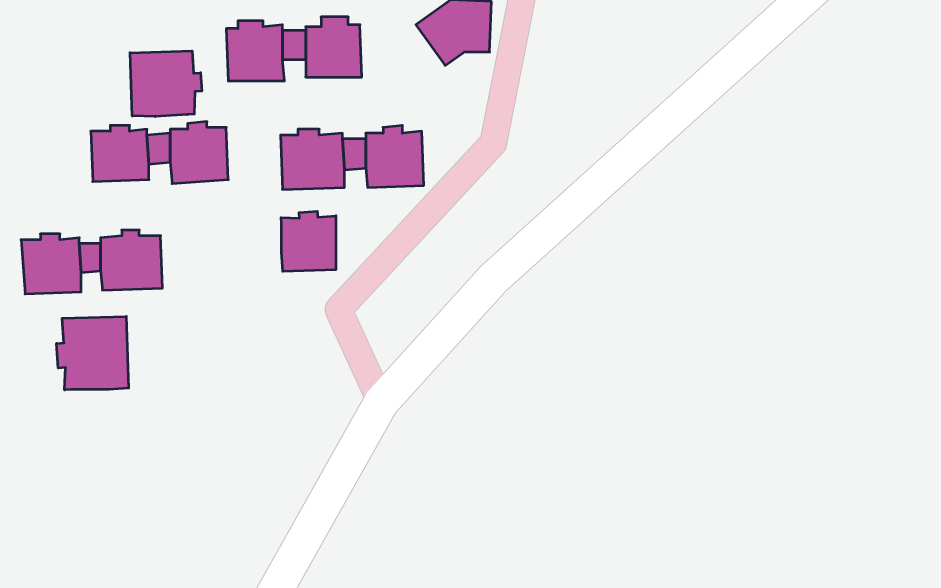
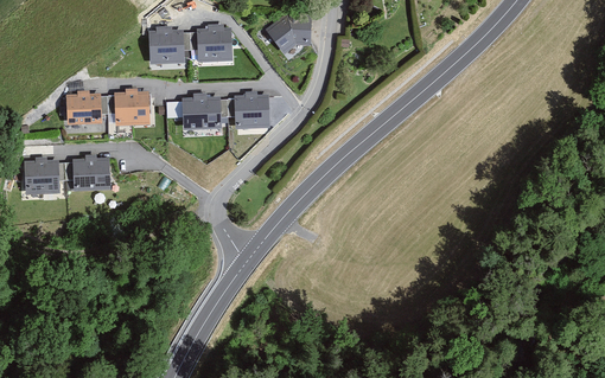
building: [130,51,202,117] -> none
building: [281,211,336,271] -> none
building: [57,316,129,390] -> none

